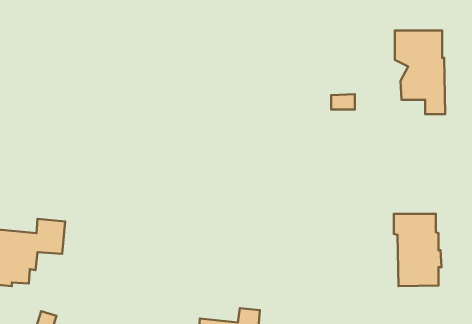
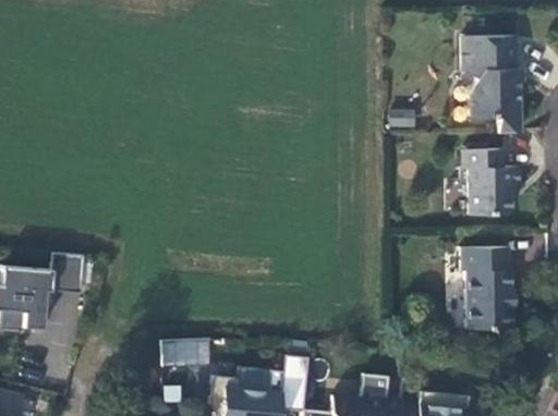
building: none -> [463,148,521,215]
building: none -> [161,338,211,365]

